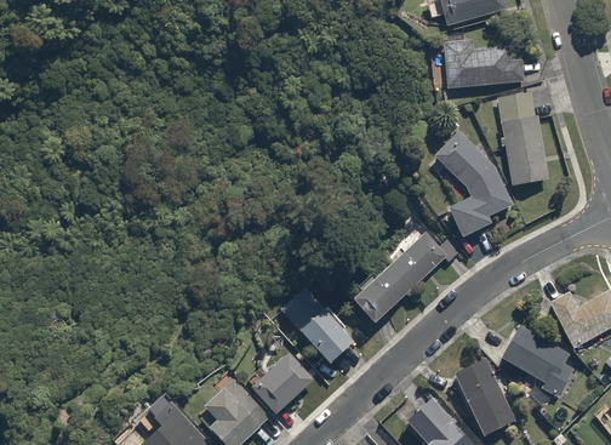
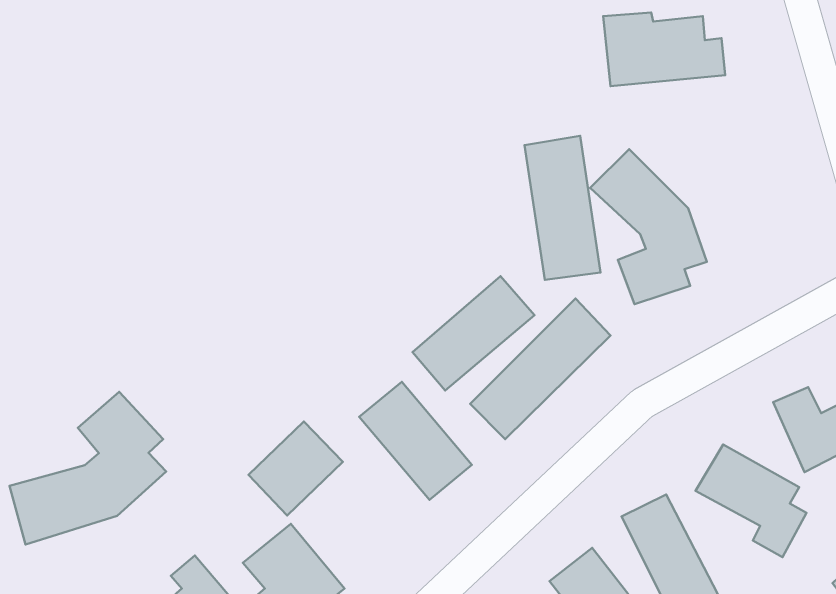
building: [497,91,547,186] -> [525,136,600,280]
building: none -> [413,276,534,390]
building: none -> [9,392,166,545]
building: [253,352,315,413] -> [248,421,343,516]

